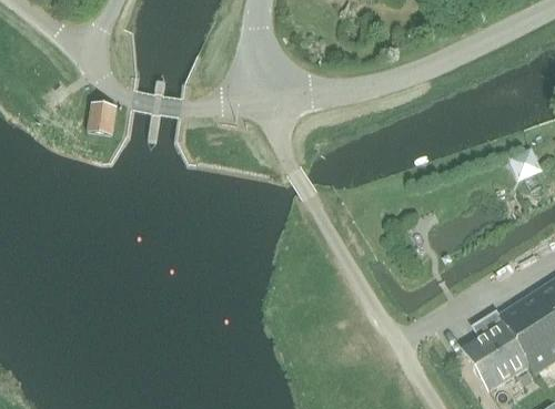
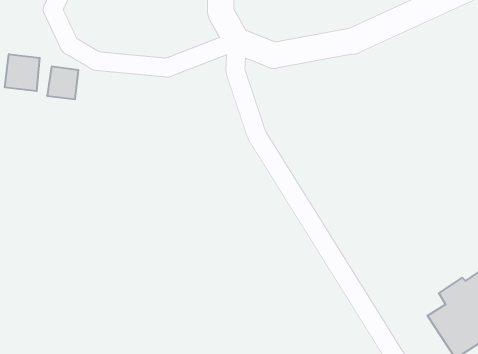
building: none -> [5,54,40,91]

